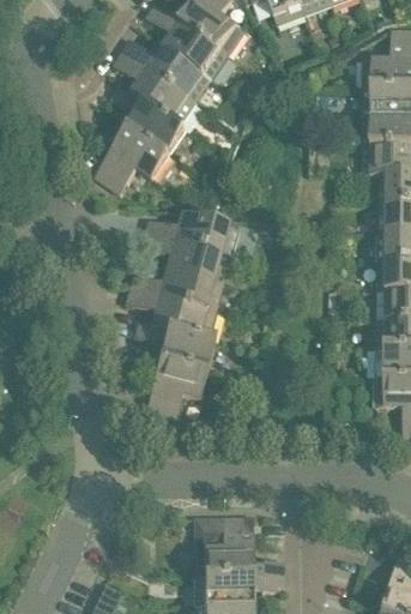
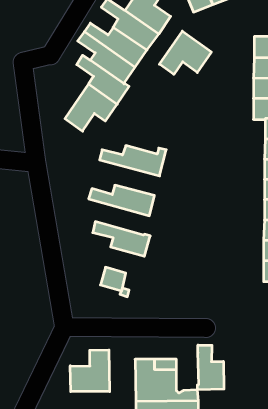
building: none -> [159,31,211,74]
building: [140,230,229,281] -> none
building: [125,285,214,337] -> none
building: [152,354,207,396] -> none
building: none -> [197,345,224,390]
building: none -> [70,350,110,392]

